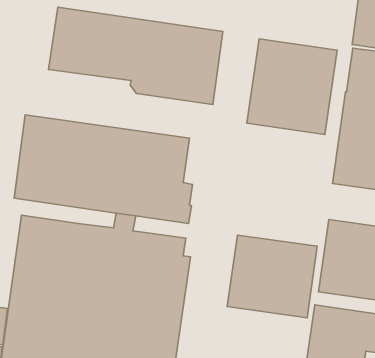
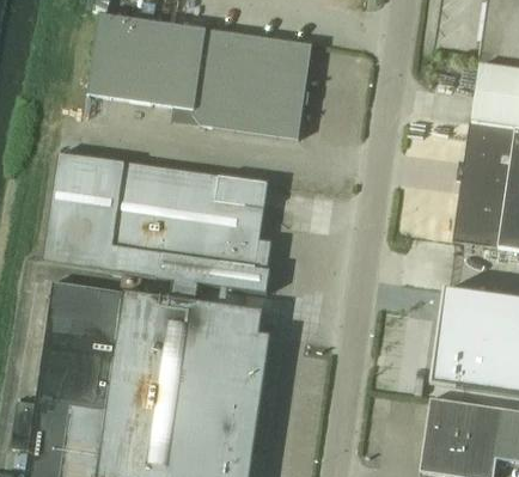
building: [247,39,337,134] -> none
building: [227,235,317,318] -> none

